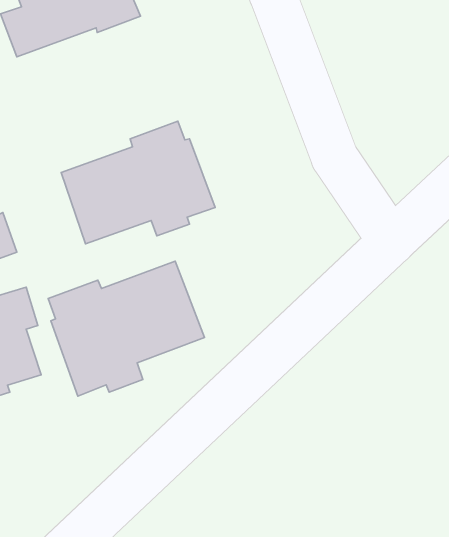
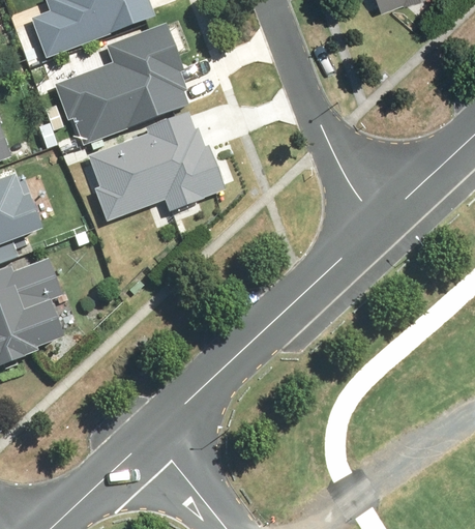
building: none -> [53,24,190,140]
building: [48,261,204,396] -> none

